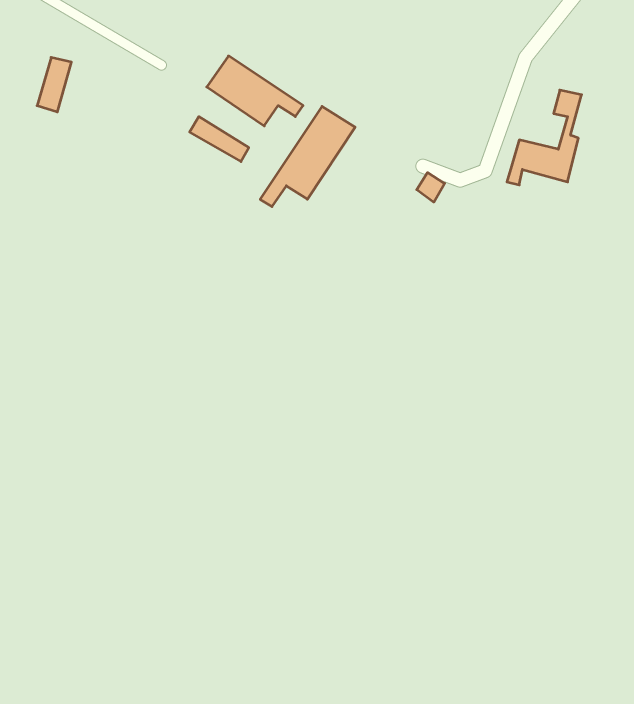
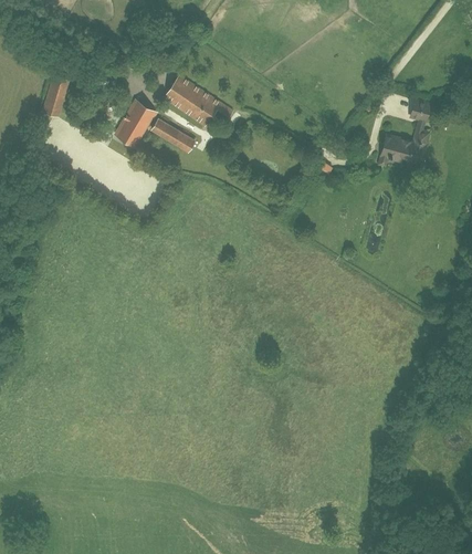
building: none -> [115,100,157,146]
building: [260,106,355,207] -> none

